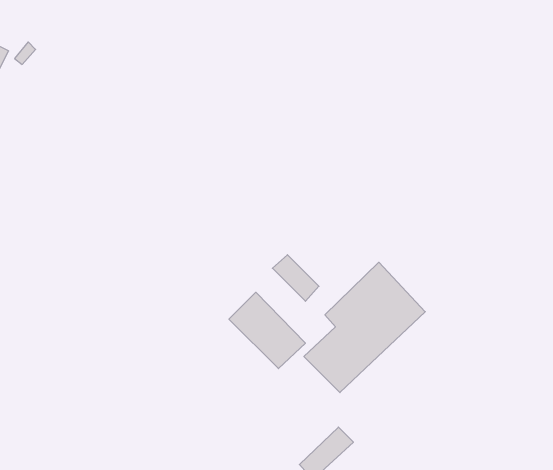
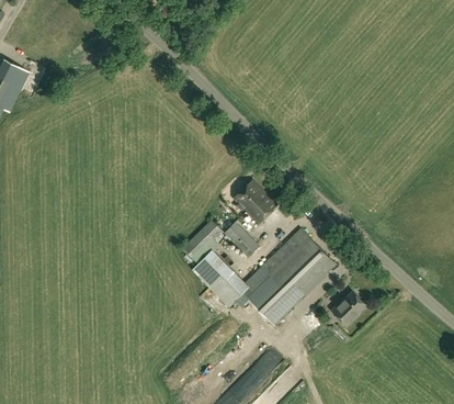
building: none -> [232,178,277,223]
building: none -> [183,220,222,259]
building: none -> [332,291,366,325]

